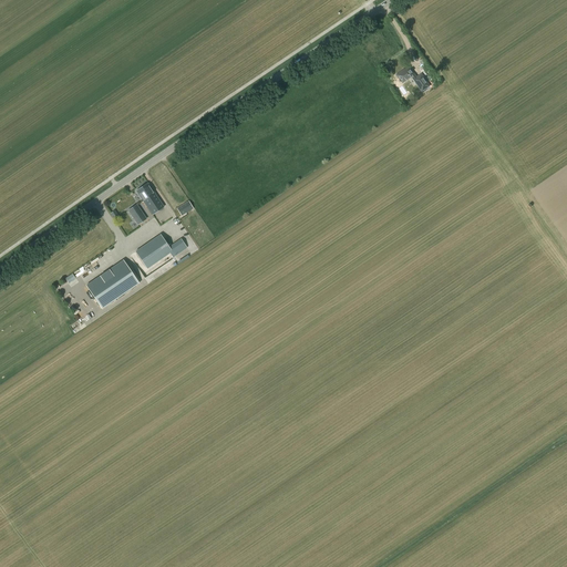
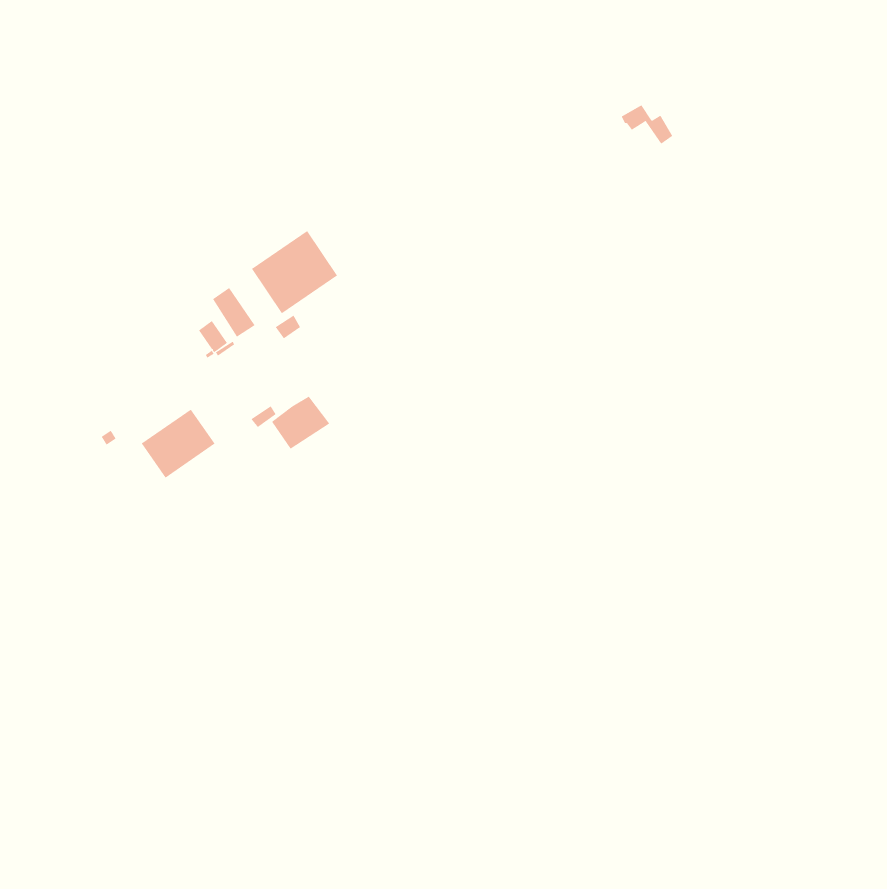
building: none -> [251,230,338,314]
building: [134,235,172,269] -> [271,396,330,450]

